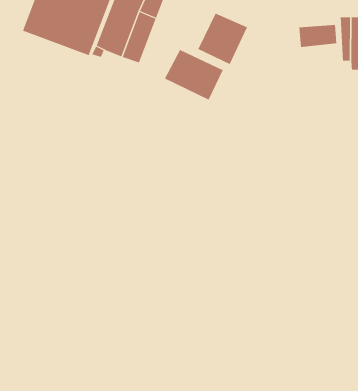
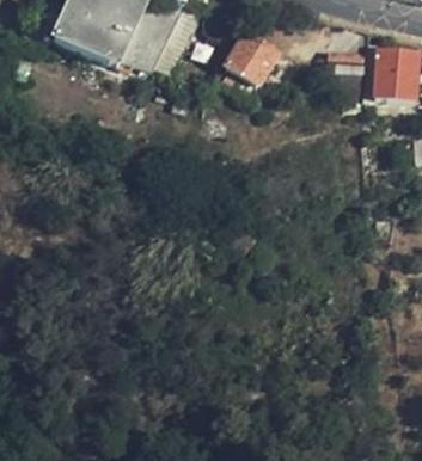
building: [164,49,224,101] -> none

